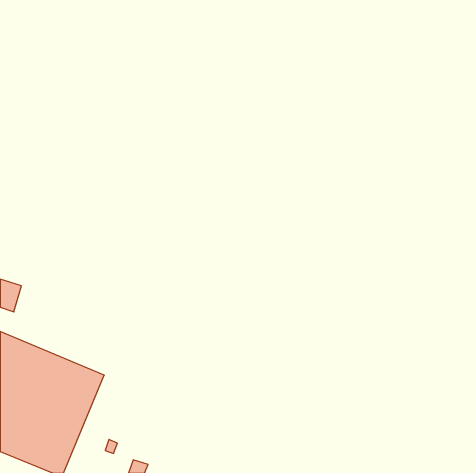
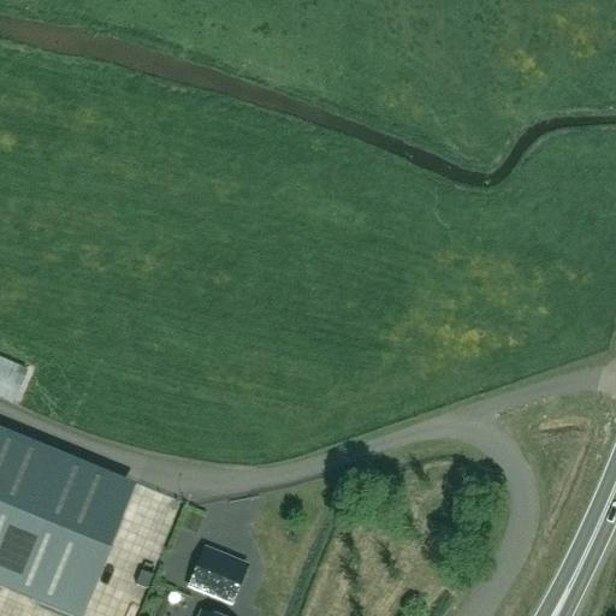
building: none -> [190,546,245,596]

